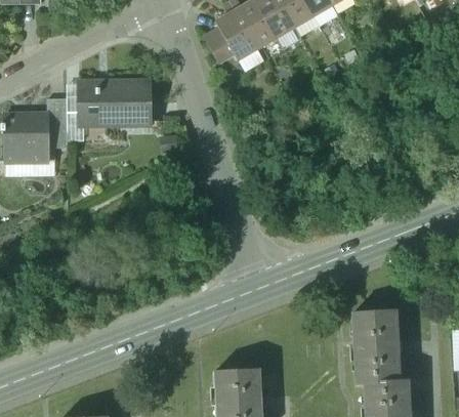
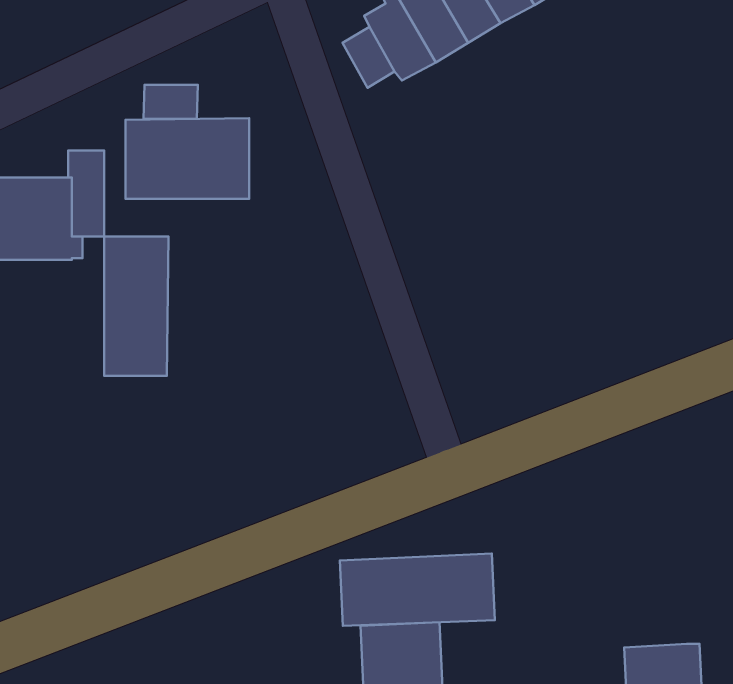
building: none -> [144,85,198,119]
building: none -> [104,237,168,376]
building: [353,309,401,383] -> none
building: none -> [340,554,495,626]

